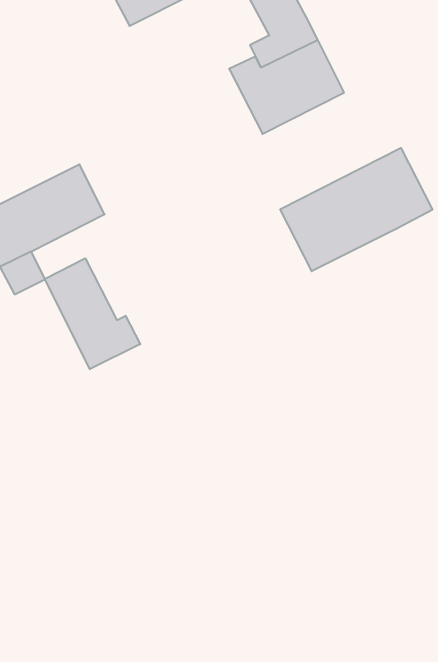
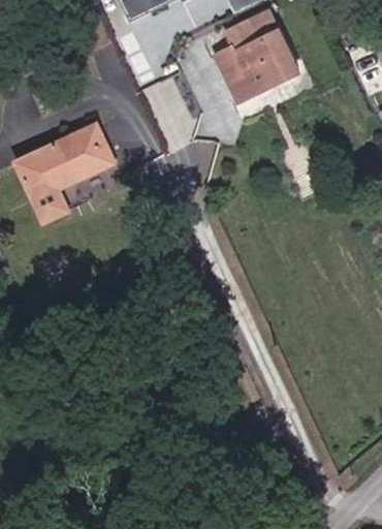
building: [280,148,432,271] -> none
building: [45,258,140,369] -> none

